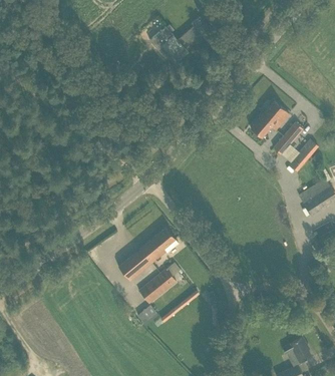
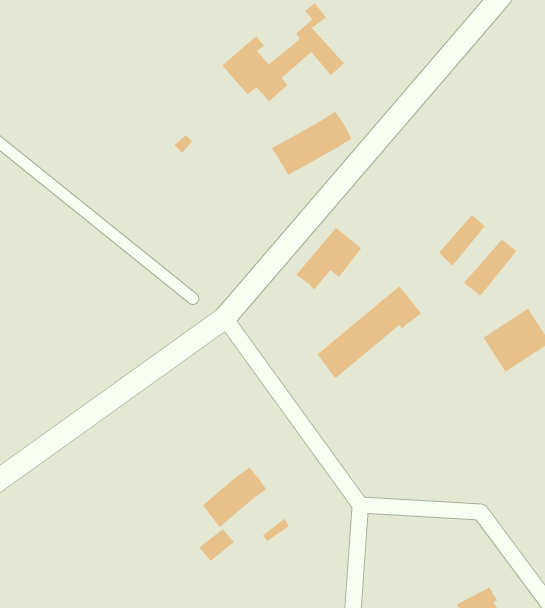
building: none -> [271,111,353,176]
building: [251,101,289,137] -> [295,227,362,291]
building: [119,228,180,281] -> [316,285,422,379]

